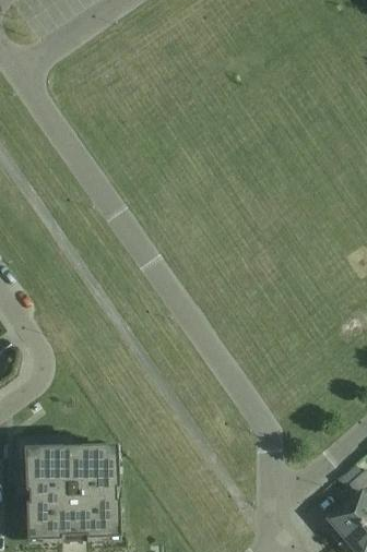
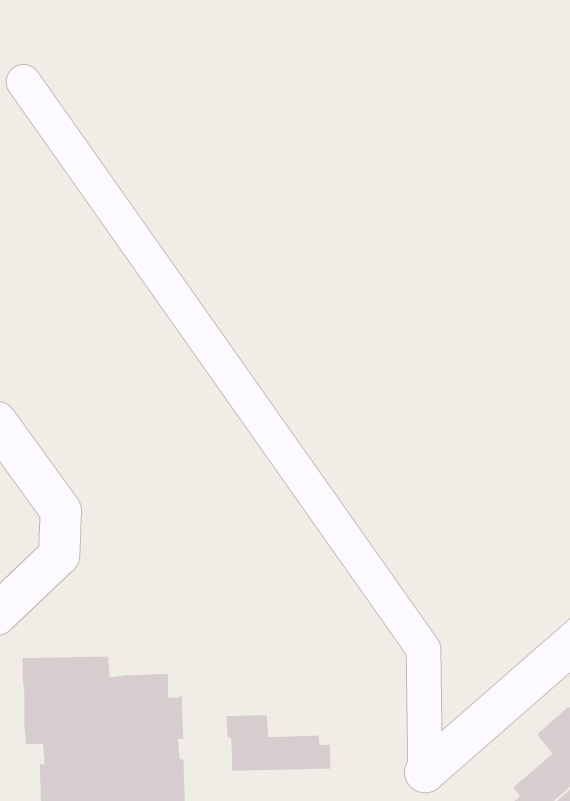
building: none -> [225,715,331,772]

